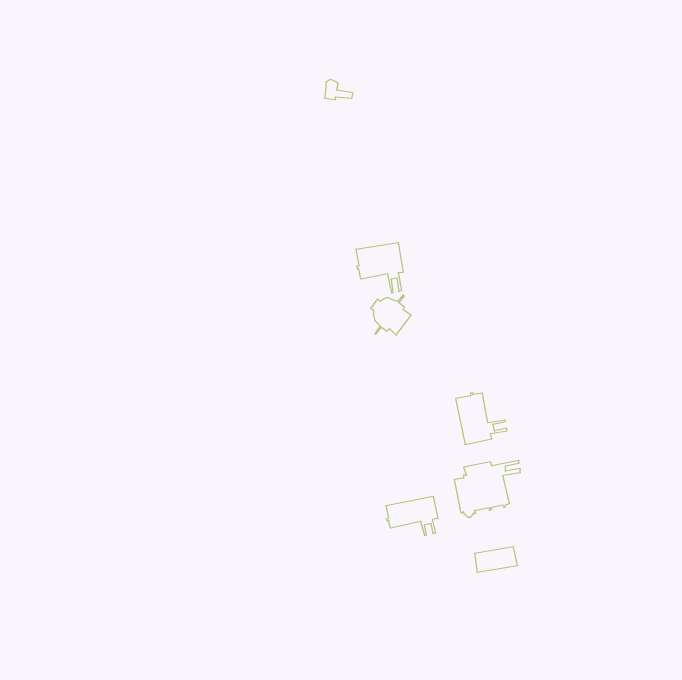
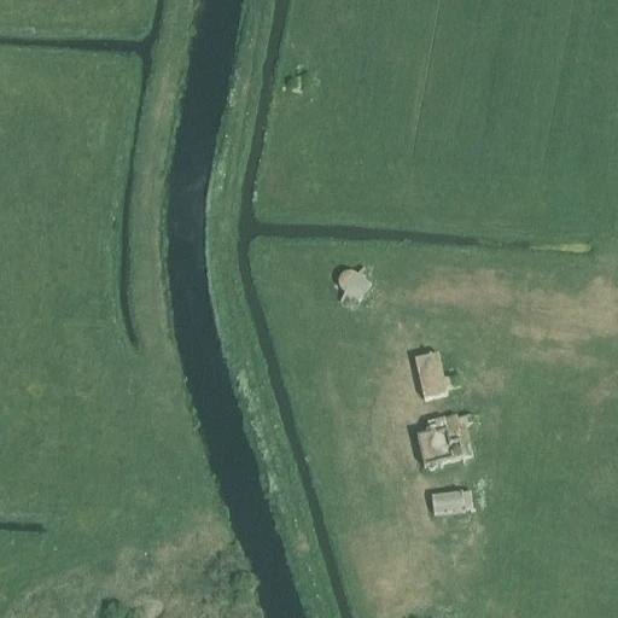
building: [356,242,403,293] -> none
building: [386,496,438,536] -> none

